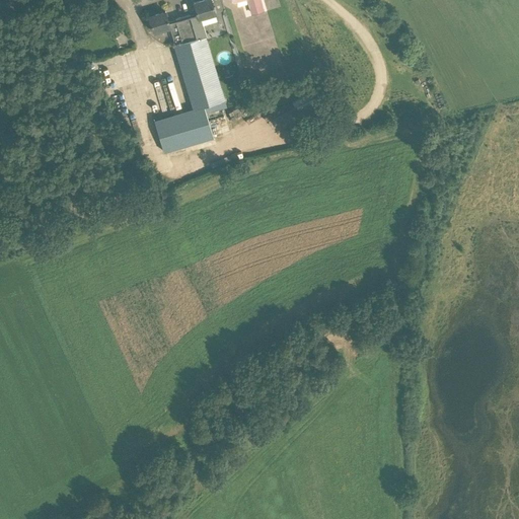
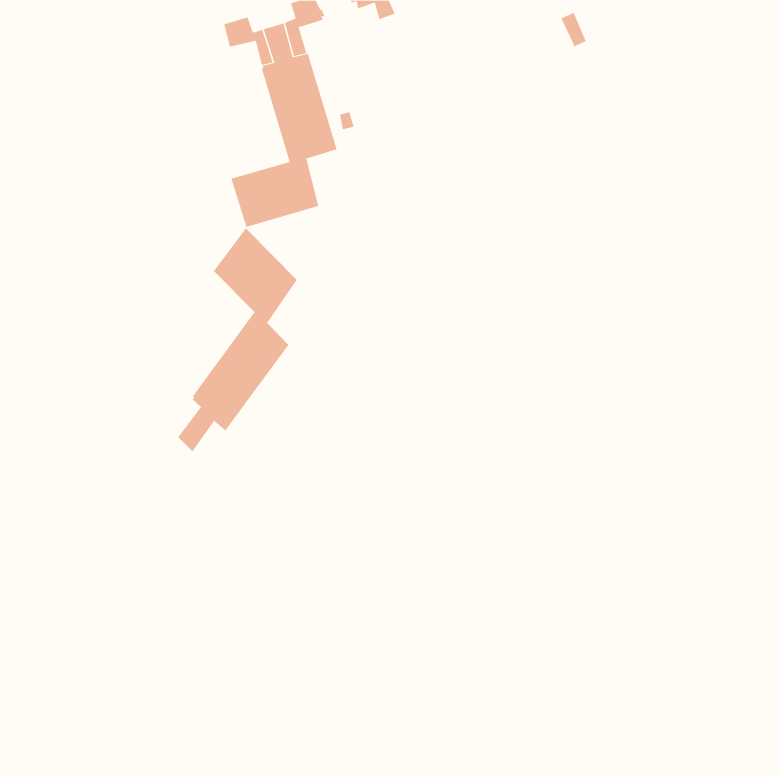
building: none -> [177,227,298,452]

